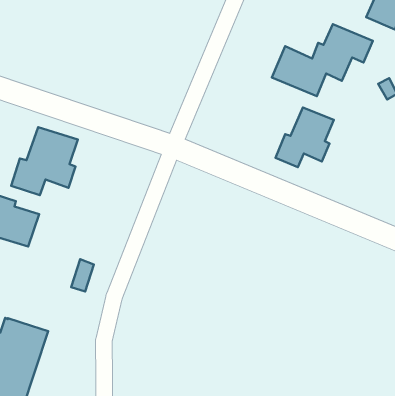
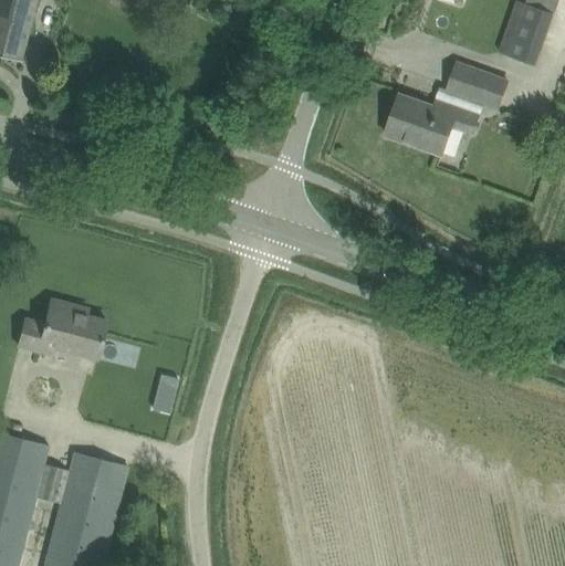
building: [275,107,334,167] -> none
building: [11,127,78,195] -> none

